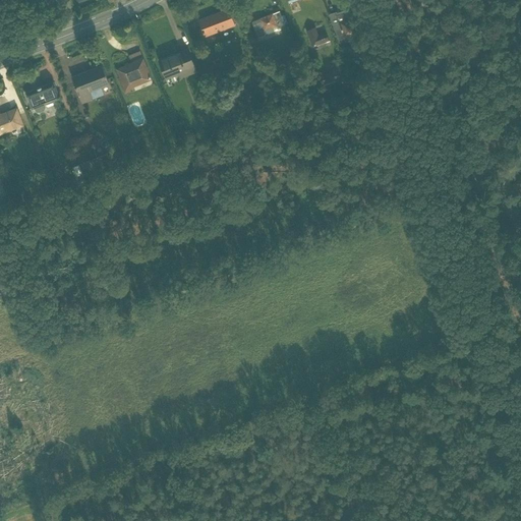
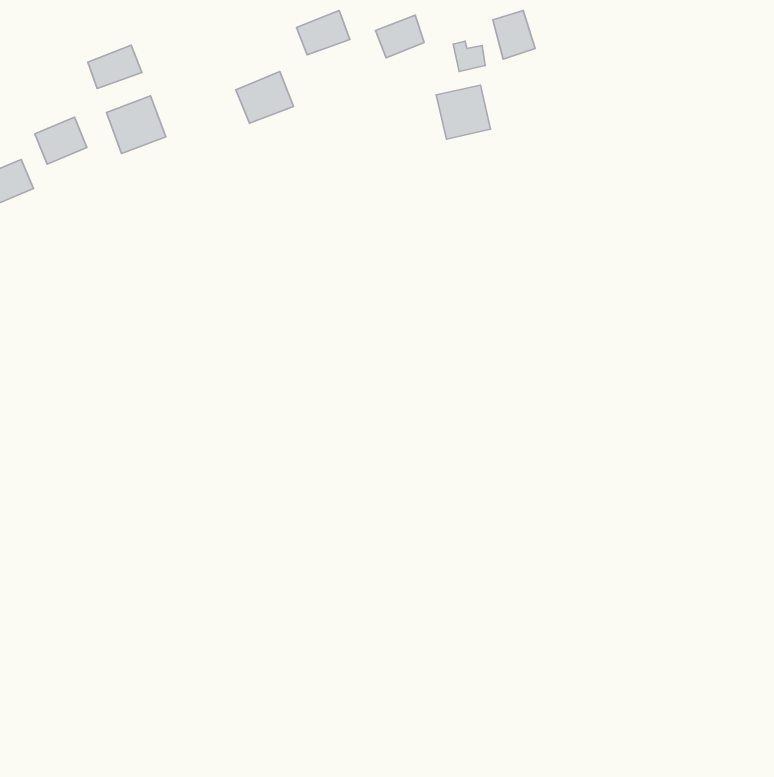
building: none -> [88,45,142,89]
building: [115,55,150,91] -> none
building: none -> [436,85,491,139]

